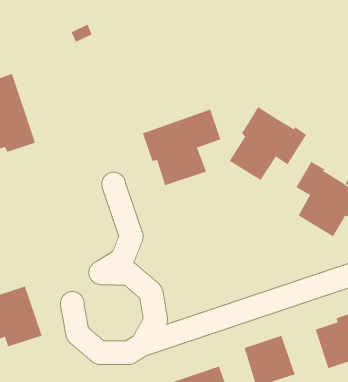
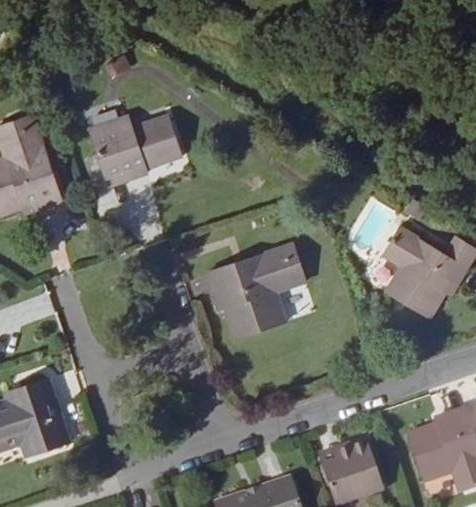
building: none -> [88,115,184,187]
building: [229,106,307,181] -> none
building: [142,109,221,186] -> [207,243,305,338]

